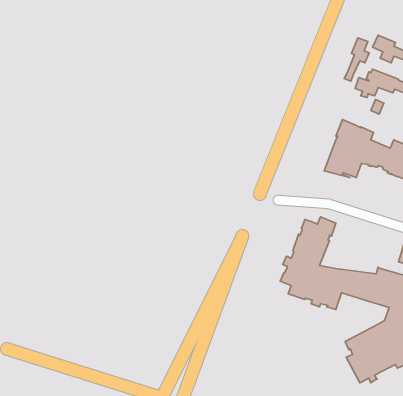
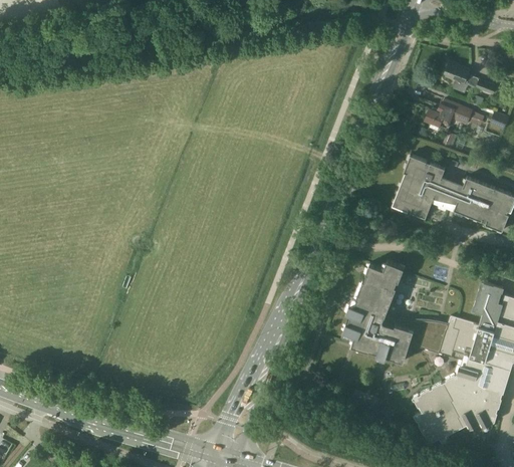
building: [344,38,369,81] -> none

